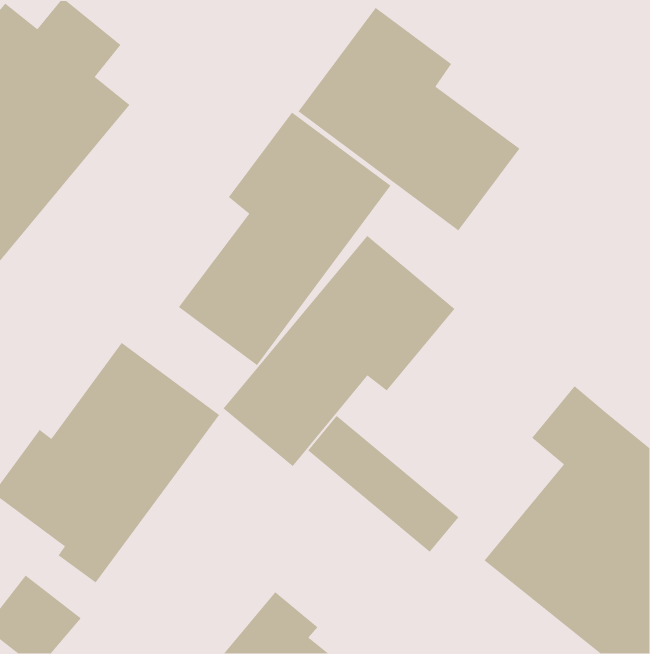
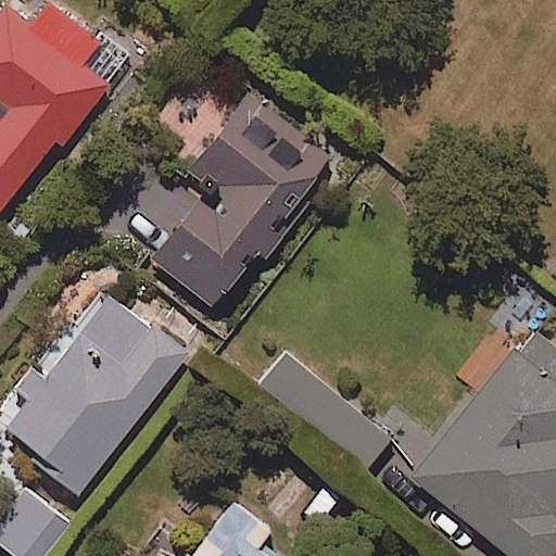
building: [298,7,521,231] -> none
building: [222,235,456,467] -> none

